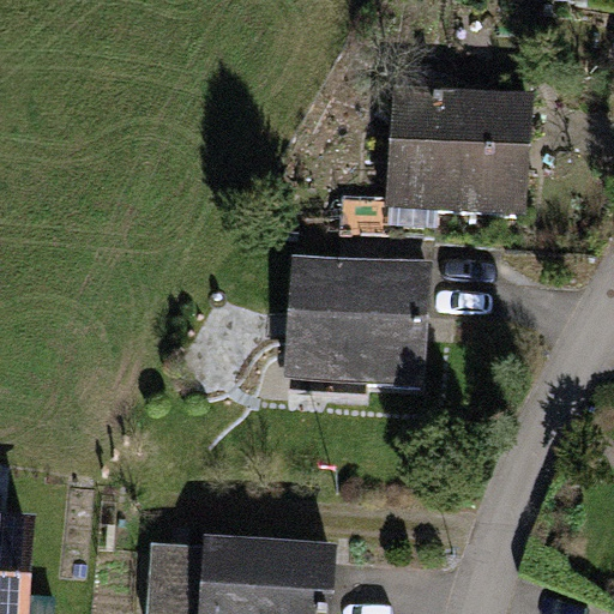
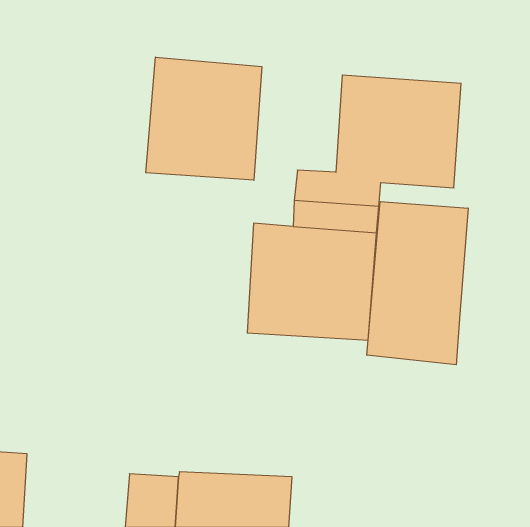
building: none -> [146,57,262,180]
building: none -> [367,202,468,365]

